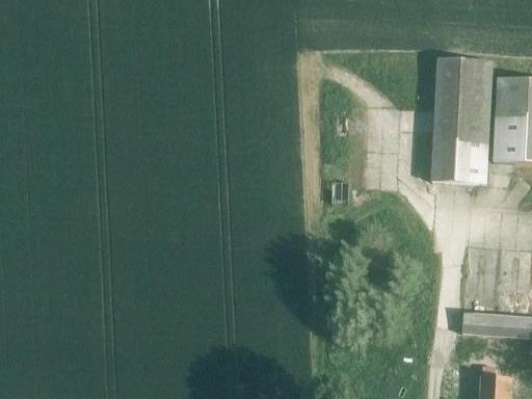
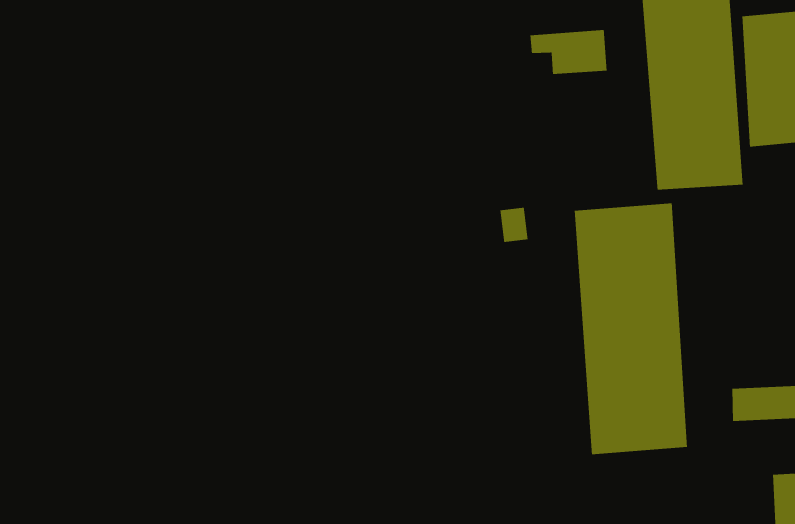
building: none -> [530,29,607,75]
building: none -> [574,203,688,455]

